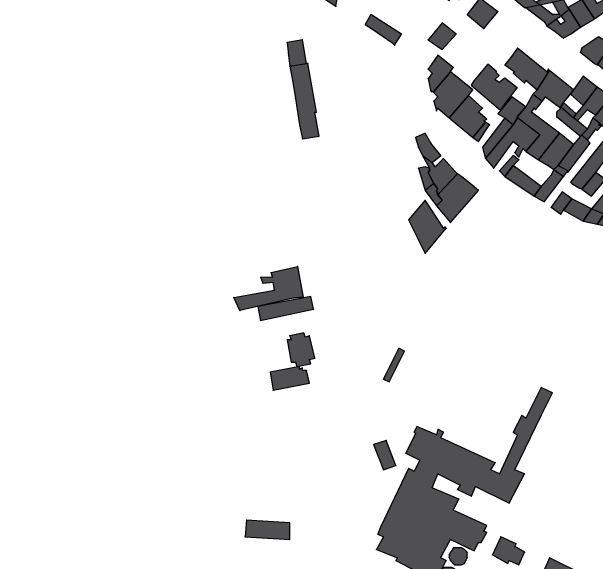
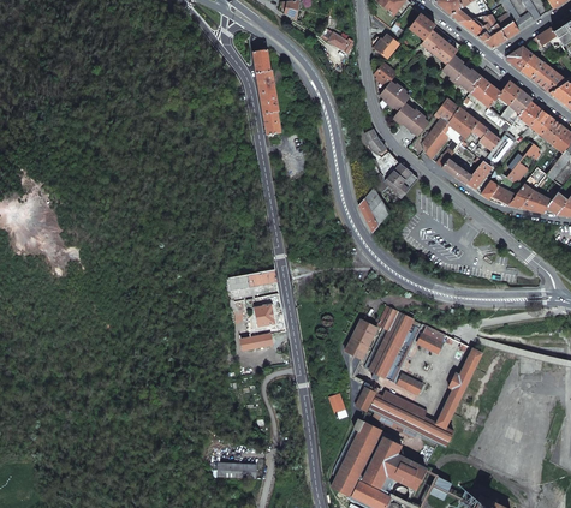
building: [471,64,517,110] -> [421,25,460,65]
building: [234,266,303,311] -> none
building: none -> [345,306,446,395]

